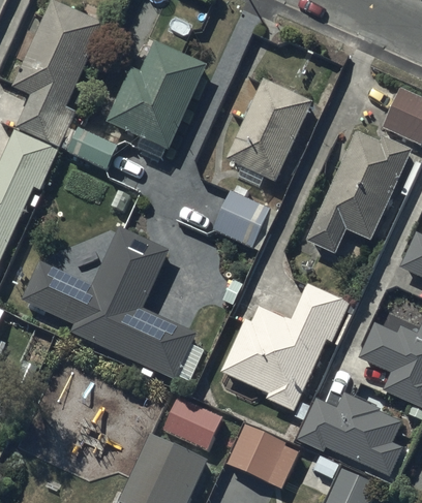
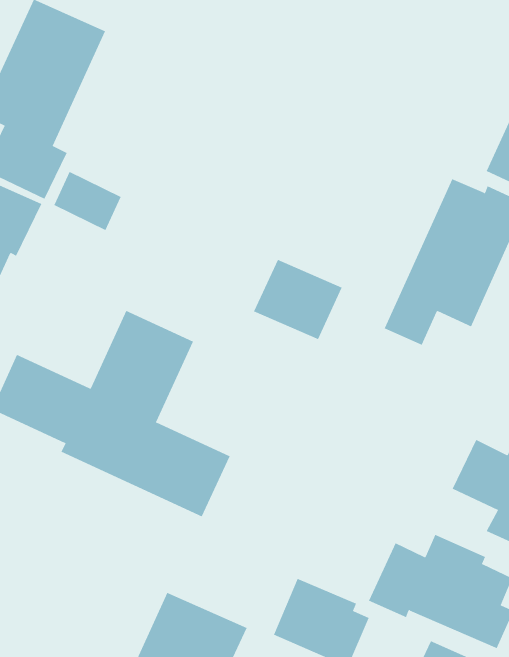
building: [106,41,207,158] -> none
building: [225,76,314,187] -> none
building: [221,283,350,410] -> none
building: [162,396,222,449] -> none

